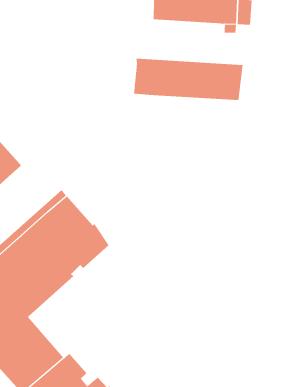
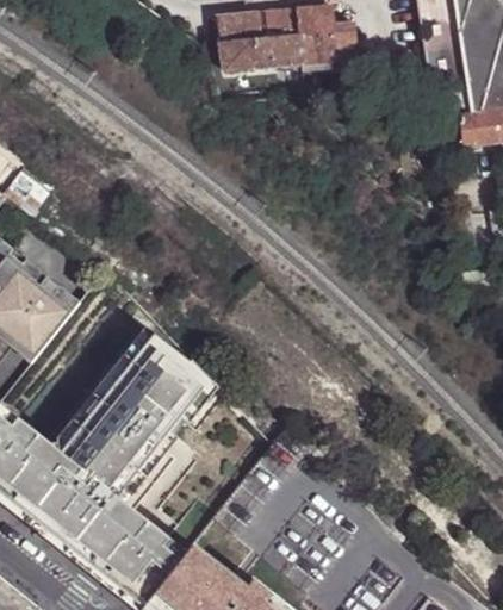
building: [134,58,243,101] -> none

